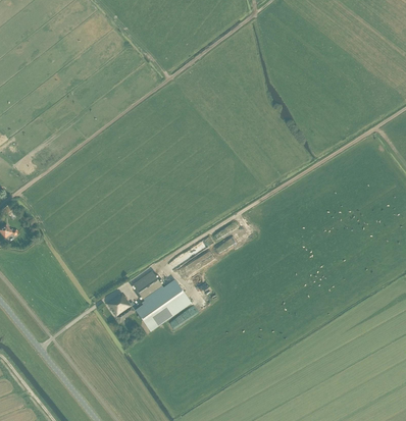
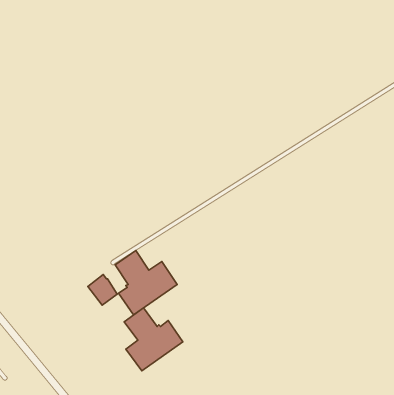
building: none -> [124,308,183,371]

